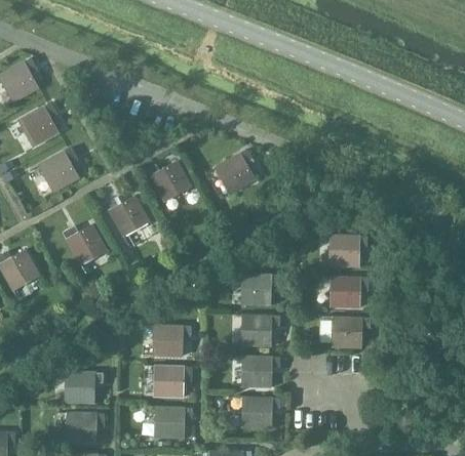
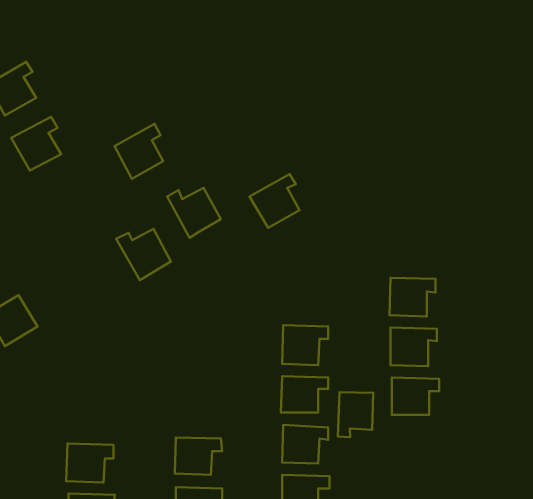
building: [39,147,79,192] -> [114,124,163,179]
building: [63,223,108,265] -> none
building: [152,325,191,356] -> none
building: none -> [338,392,373,437]

